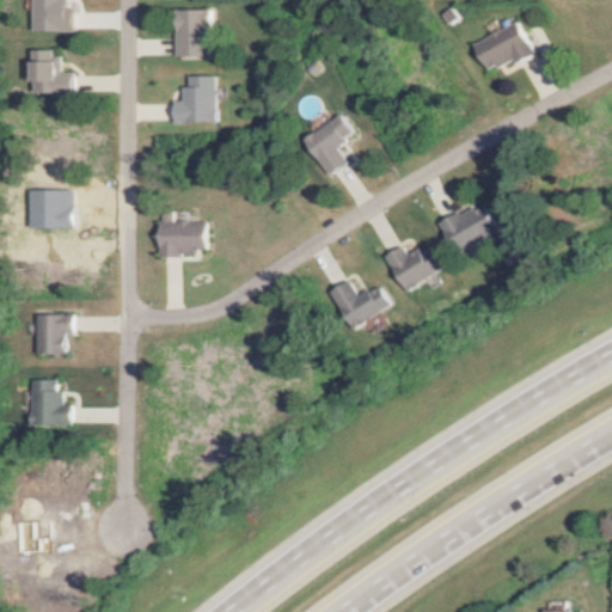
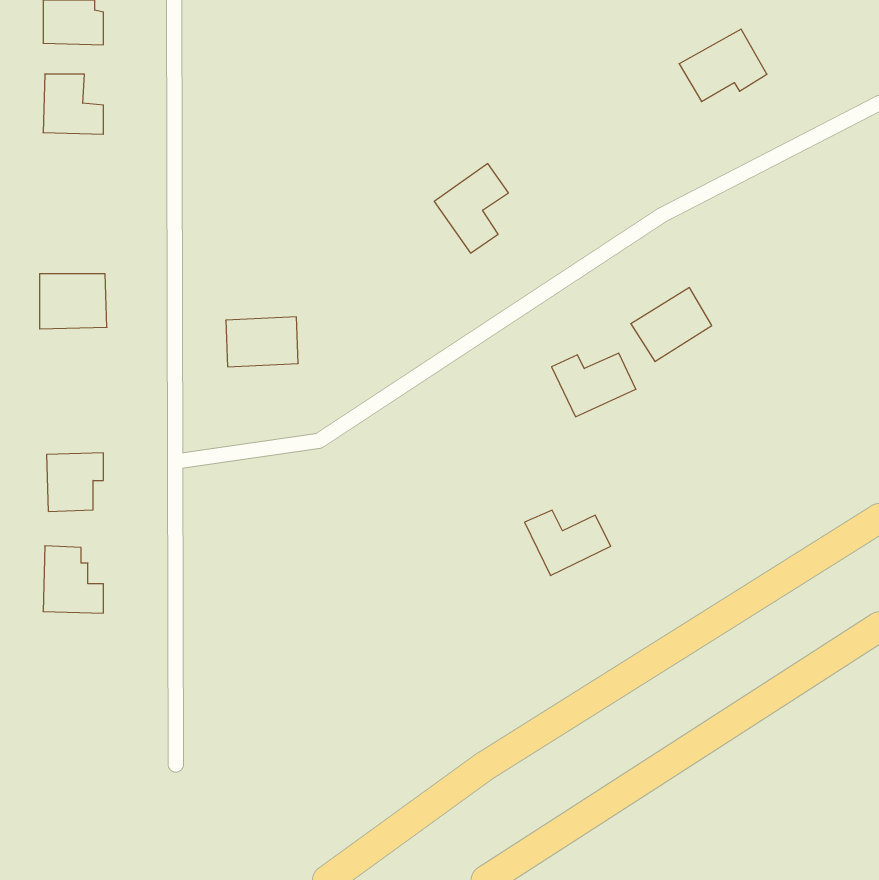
building: [172,10,208,57] -> none
building: [172,75,214,122] -> none
building: [329,281,388,326] -> [525,510,611,576]

